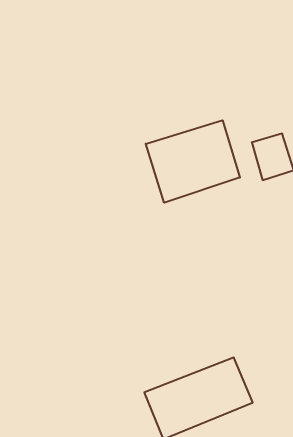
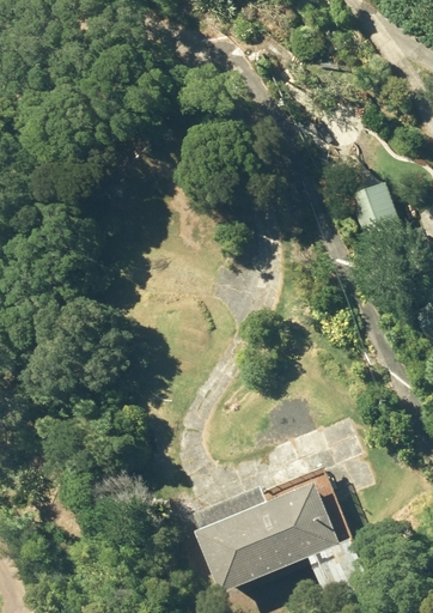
building: [146,120,240,203] -> none

